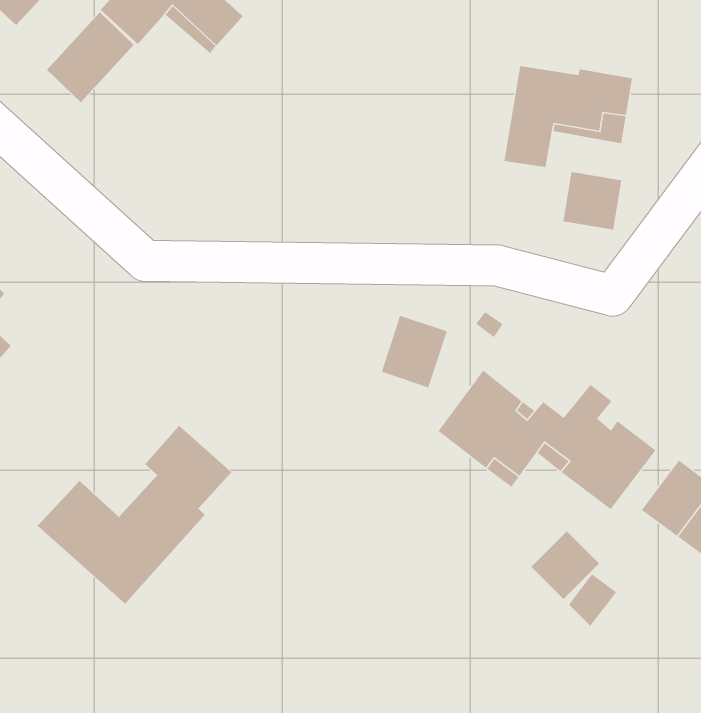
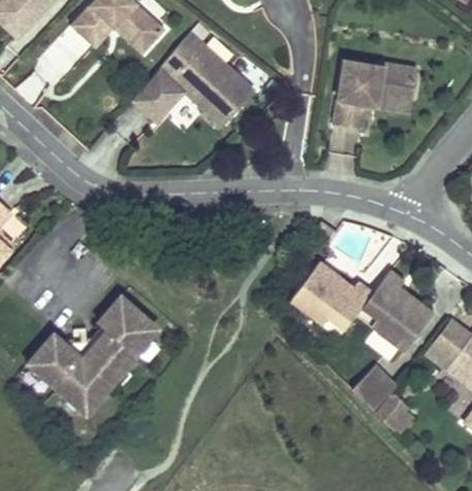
building: none -> [132,31,252,126]
building: [563,171,622,231] -> none
building: [381,315,448,388] -> none

